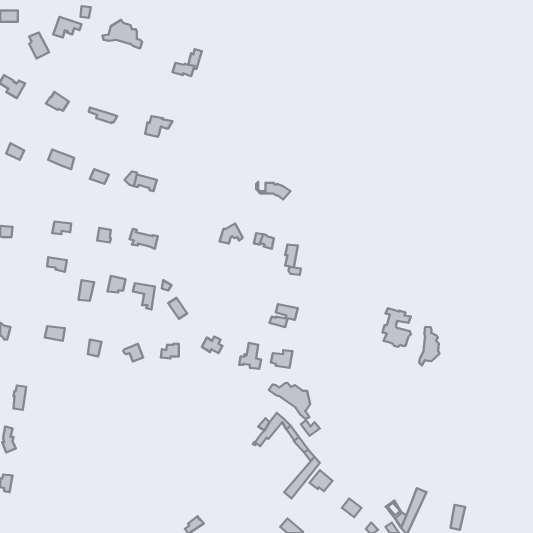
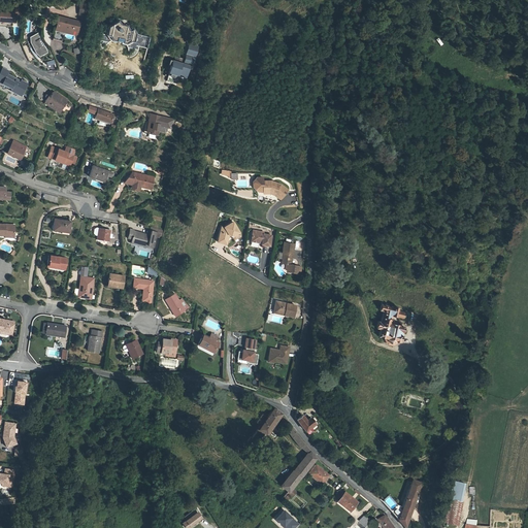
building: [419,327,440,365] -> none
building: [269,383,310,419] -> none

